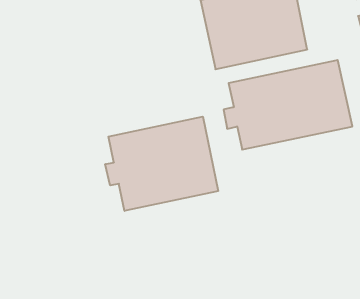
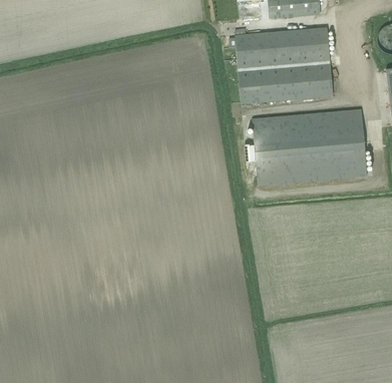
building: [105,117,218,211] -> none

